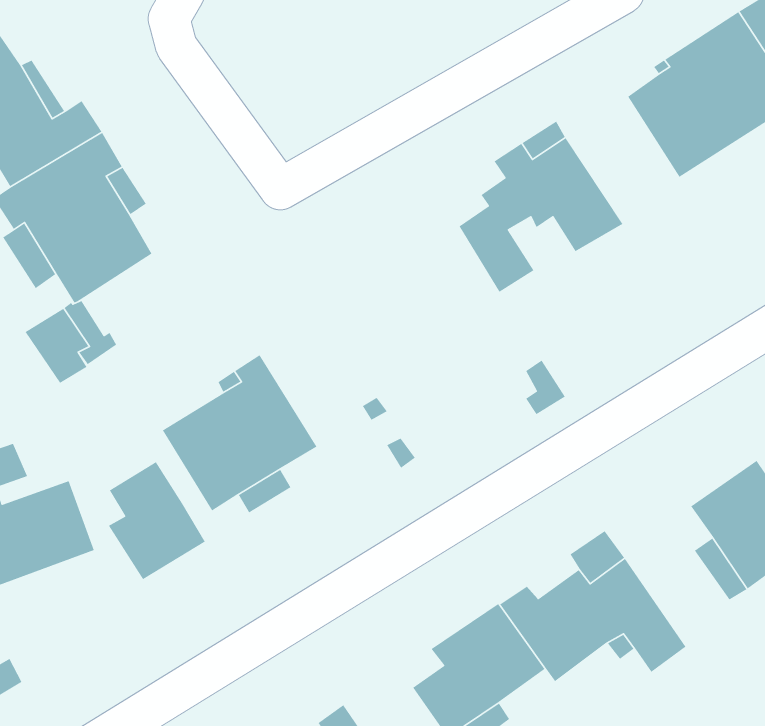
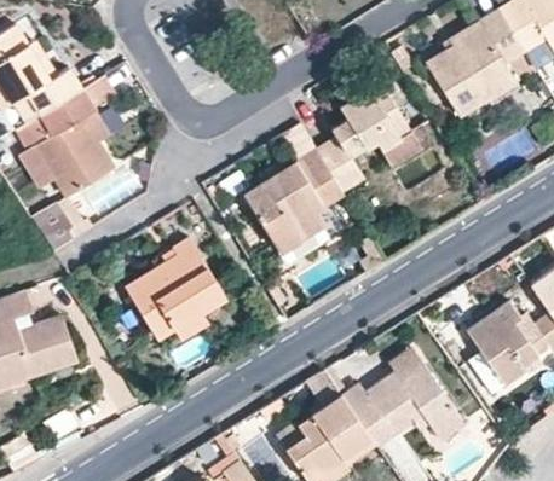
building: none -> [243,149,348,265]
building: [108,461,206,581] -> none

